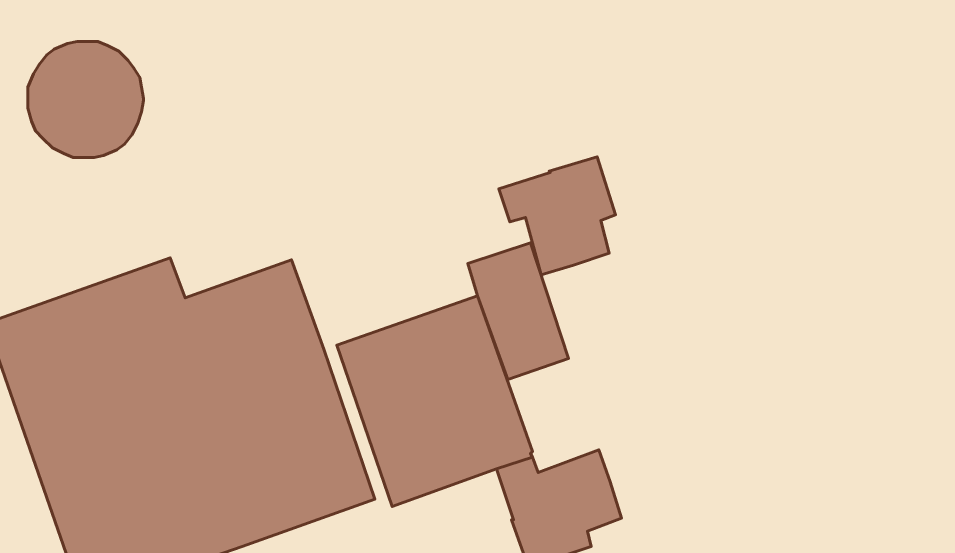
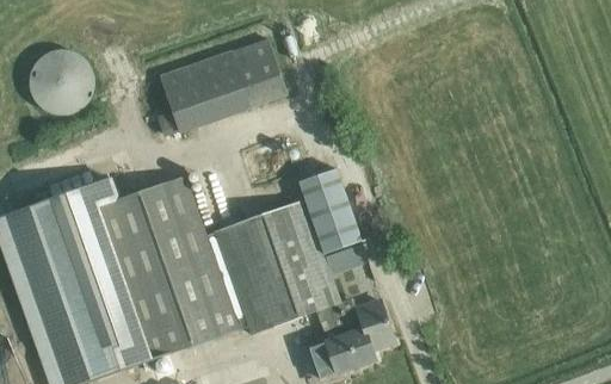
building: none -> [153,38,280,131]
building: [499,157,615,275] -> none

